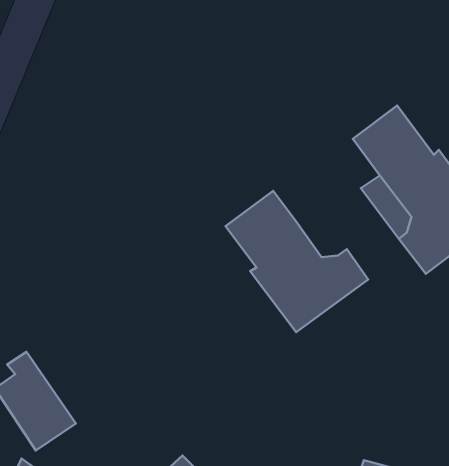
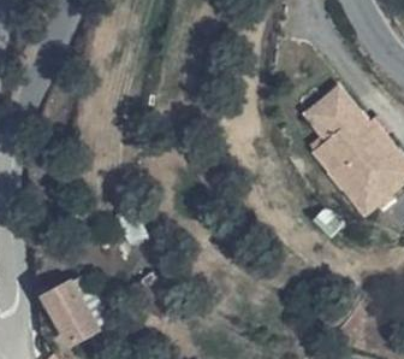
building: [225,191,368,332] -> none

